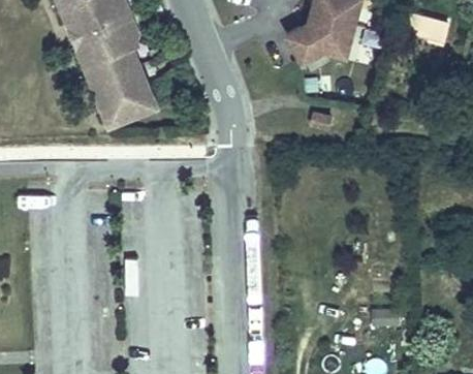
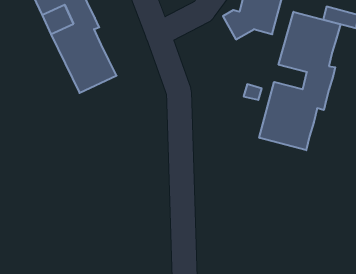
building: none -> [259,12,341,150]

